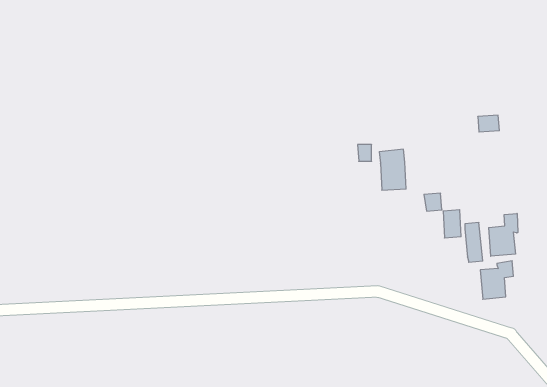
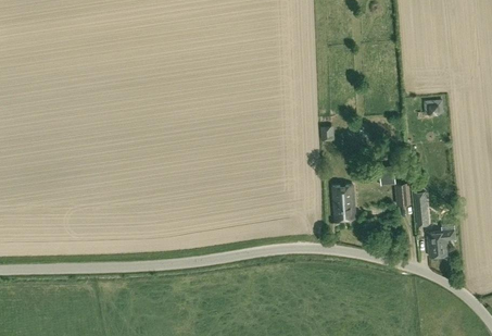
building: [379,149,406,190] -> [332,184,355,219]
building: [489,213,518,256] -> none

